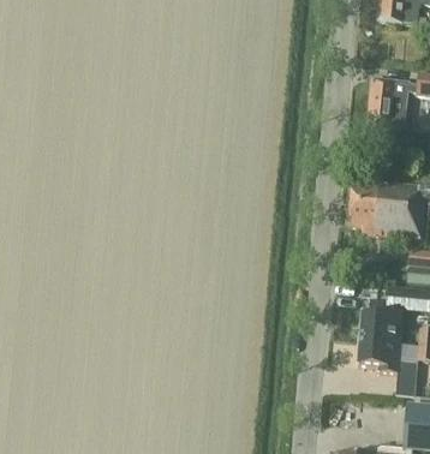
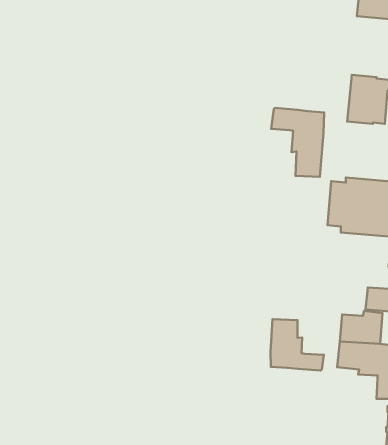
building: none -> [271,108,324,177]
building: none -> [271,319,324,370]

